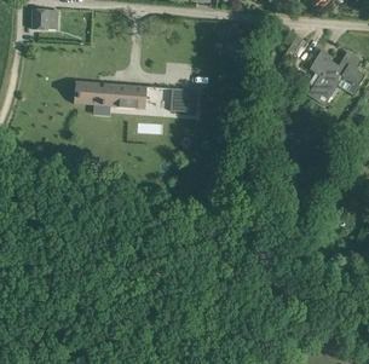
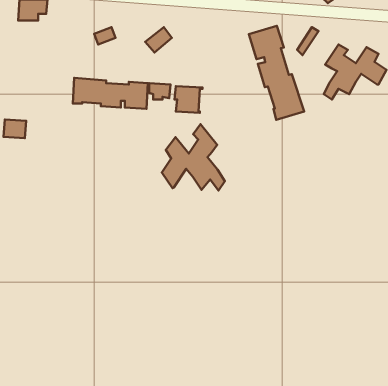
building: none -> [249,26,304,120]
building: none -> [162,124,225,190]

